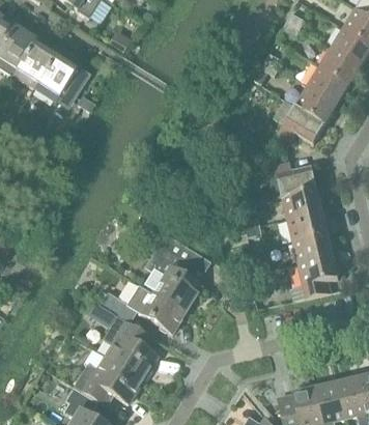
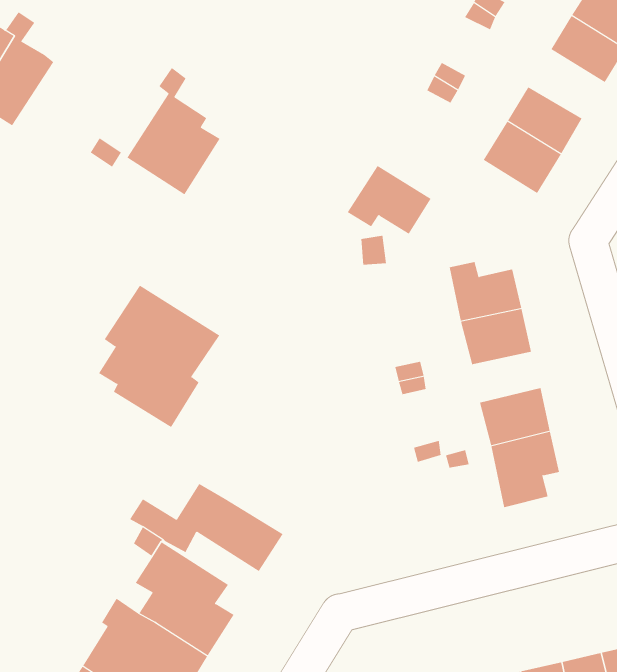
building: [34,39,86,110] -> [126,67,220,195]
building: [318,47,361,85] -> none
building: [277,108,323,146] -> [347,165,432,235]
building: [287,214,325,242] -> none
building: [143,235,210,314] -> [98,285,220,428]

